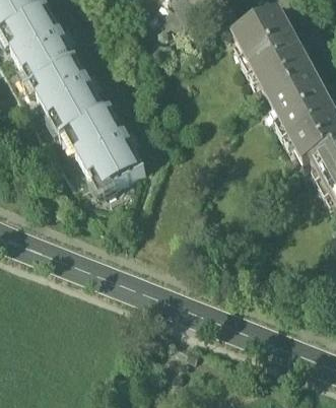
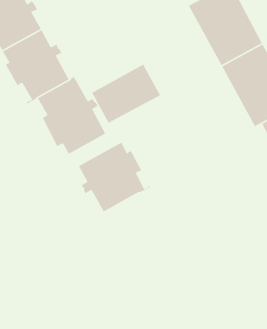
building: none -> [91,63,161,124]
building: none -> [78,142,151,213]

